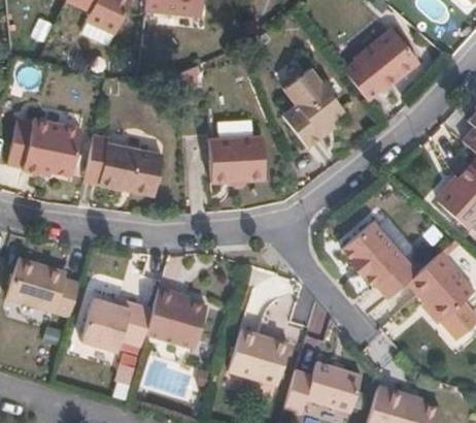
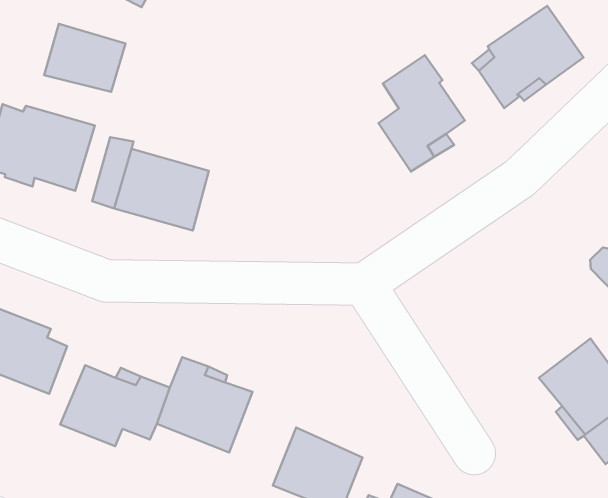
building: none -> [44,24,126,92]
building: [211,136,269,183] -> none
building: [338,220,415,298] -> none

